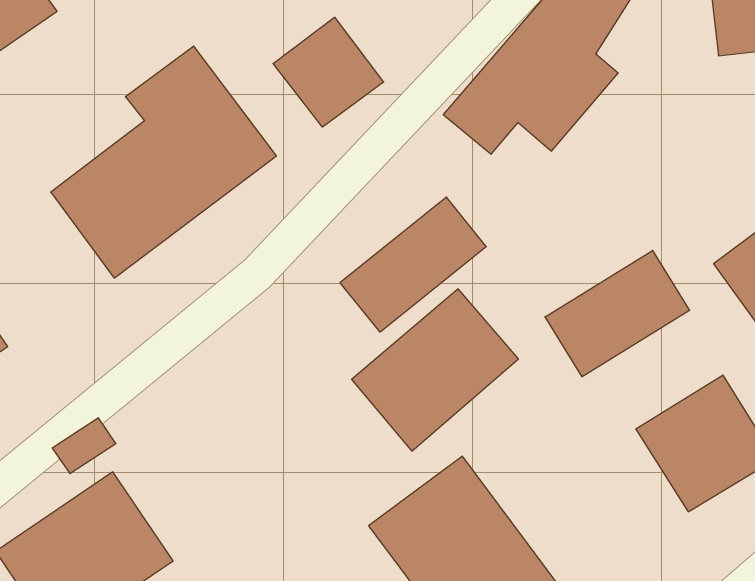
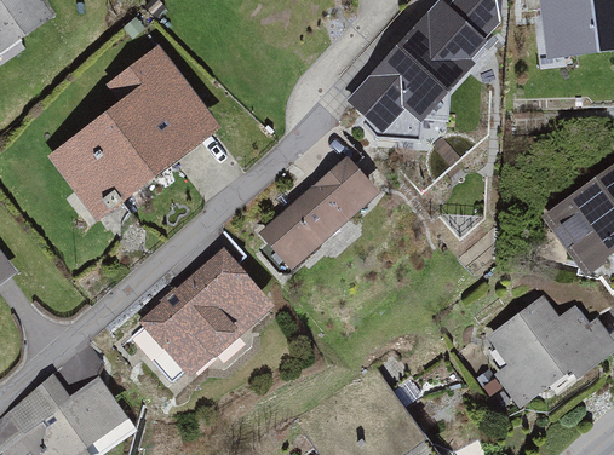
building: [273,17,384,127] -> none
building: [545,250,690,377] -> none
building: [352,289,518,451] -> [143,255,270,379]

